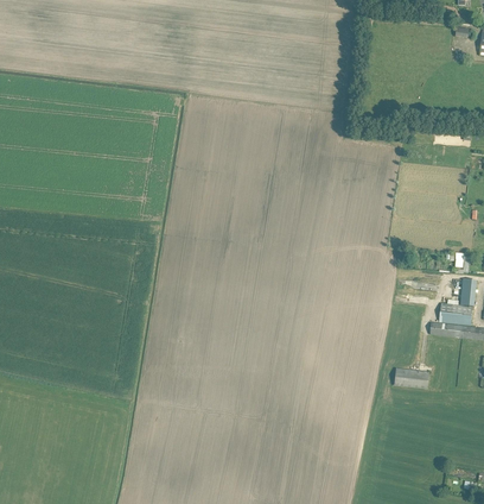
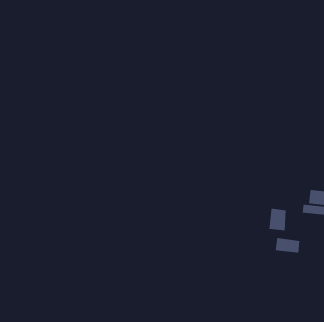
building: none -> [269,208,286,231]

